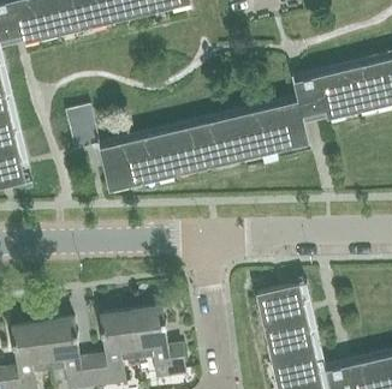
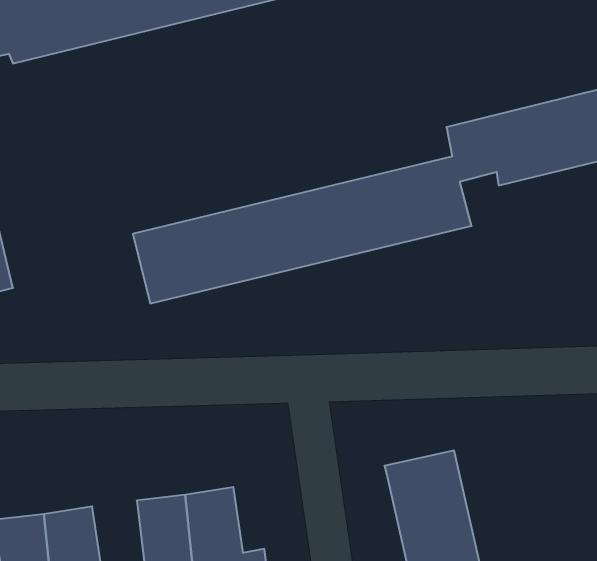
building: [66,104,100,149] -> none

